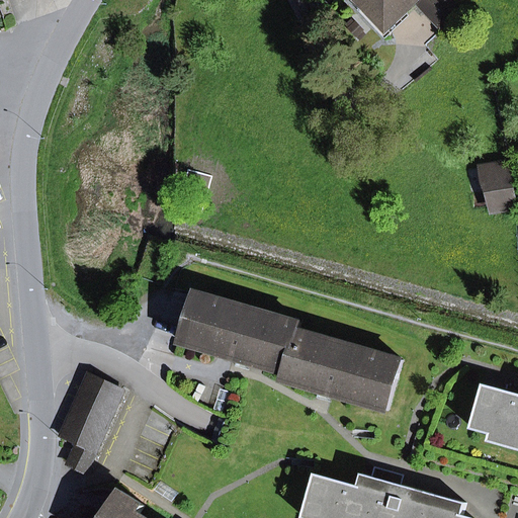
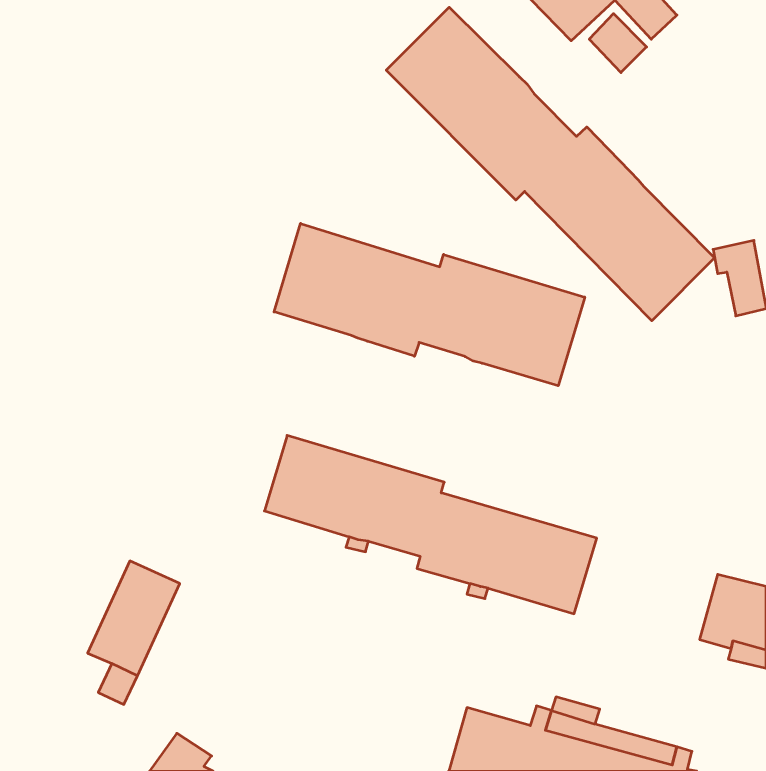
building: none -> [386,7,715,321]
building: none -> [274,223,585,386]

